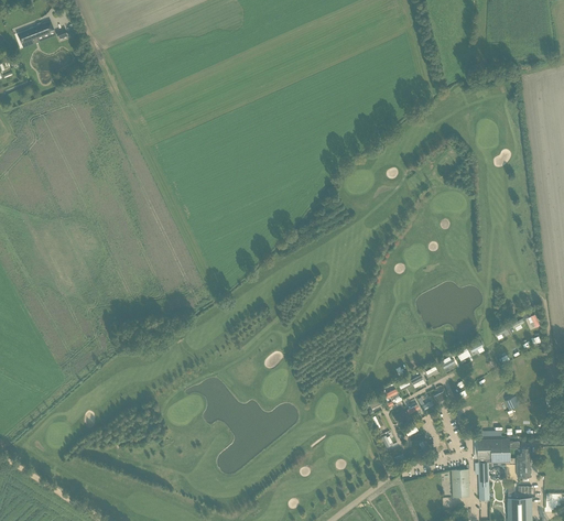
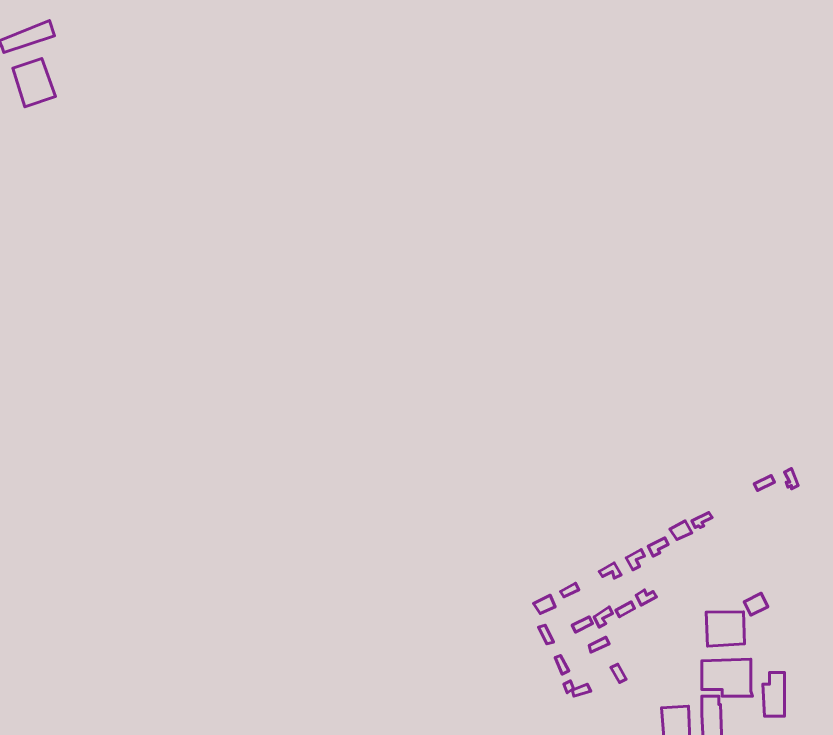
building: none -> [13,58,56,107]
building: none -> [706,612,744,646]

